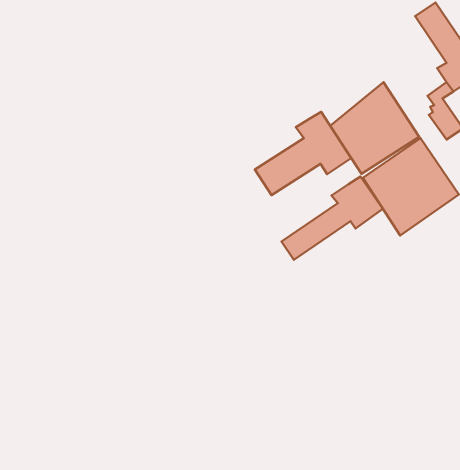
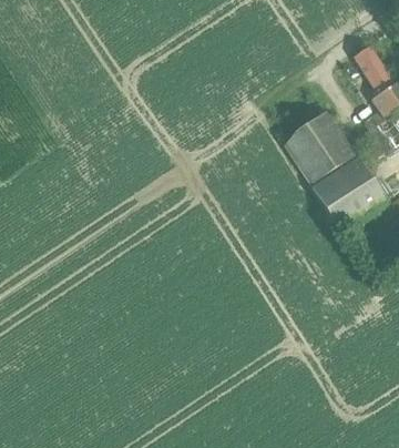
building: [255,112,351,195] -> none
building: [281,176,383,260] -> none

